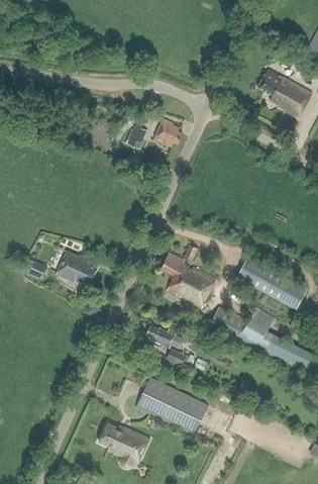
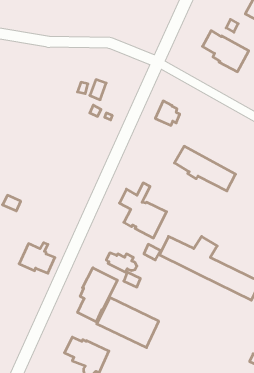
building: [153,118,182,147] -> [155,101,180,125]
building: [56,250,97,285] -> [19,243,55,273]
building: [236,257,307,308] -> [174,146,236,191]
building: none -> [78,268,117,322]

